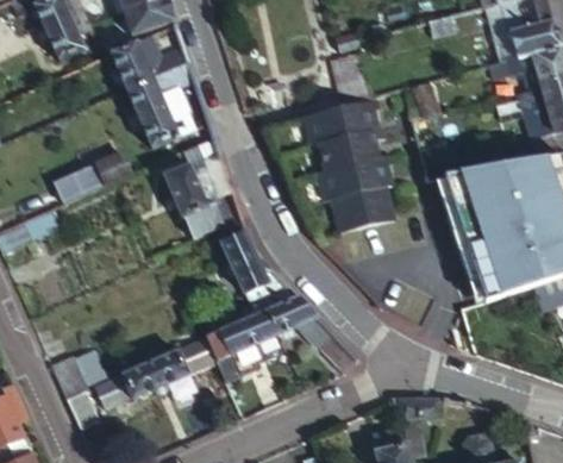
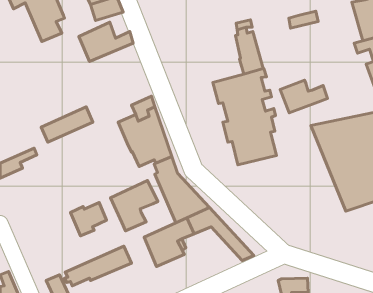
building: [127,62,195,148] -> none
building: none -> [280,80,328,113]
building: none -> [110,180,158,231]
building: [51,351,102,399] -> [71,202,107,236]

